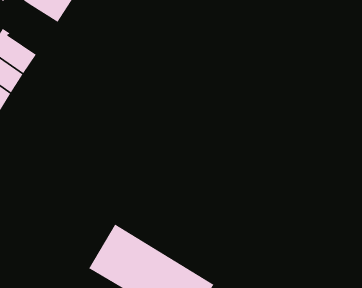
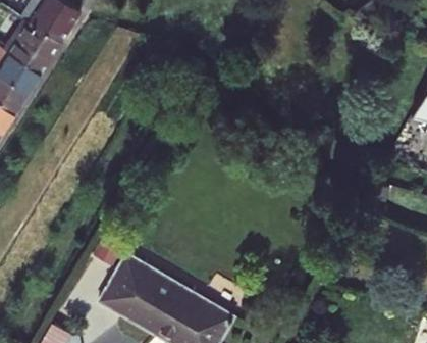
building: none -> [13,18,66,71]

